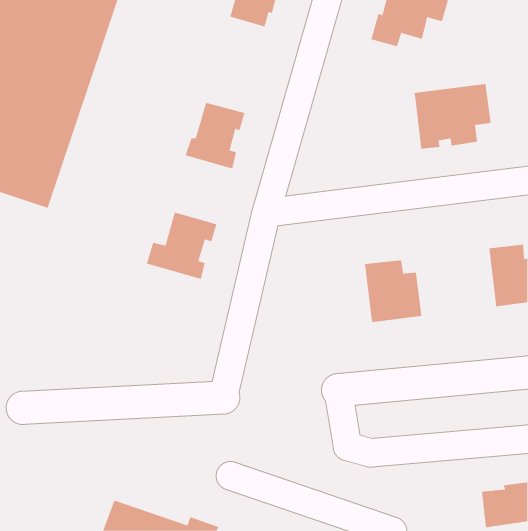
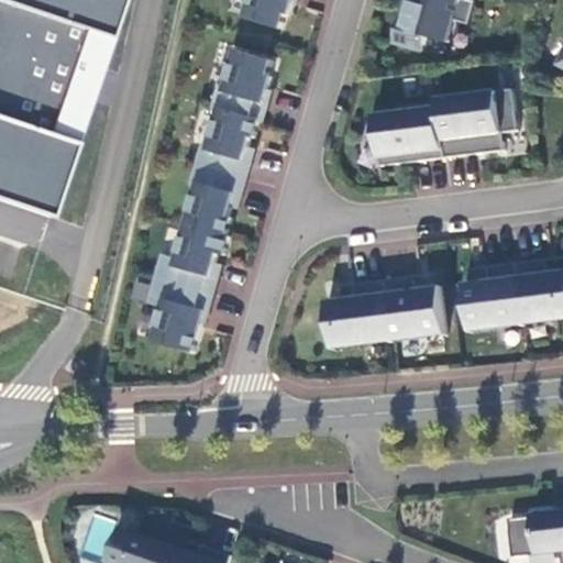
building: none -> [211,49,271,120]
building: none -> [364,100,443,166]
building: none -> [184,164,245,235]
building: none -> [462,262,522,332]
building: none -> [147,278,212,352]
building: none -> [324,278,391,350]

